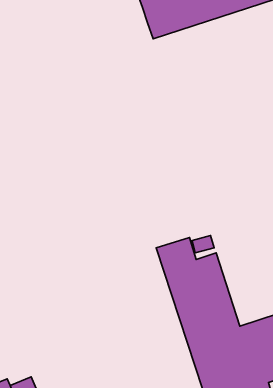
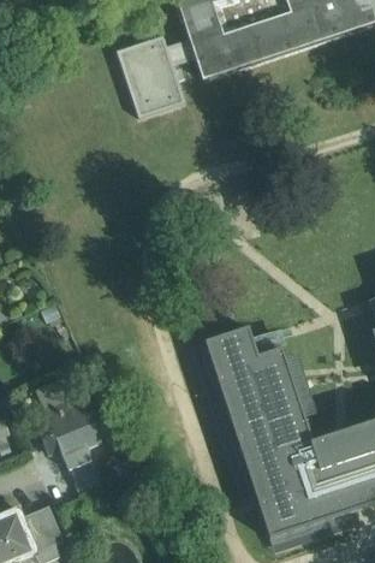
building: none -> [117,36,195,115]
building: none -> [34,378,101,472]

